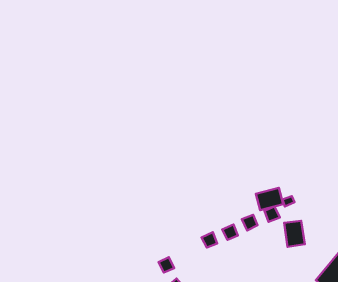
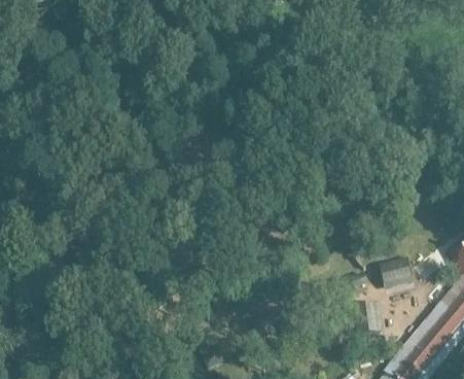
building: [256,188,283,210] -> [378,255,411,282]

